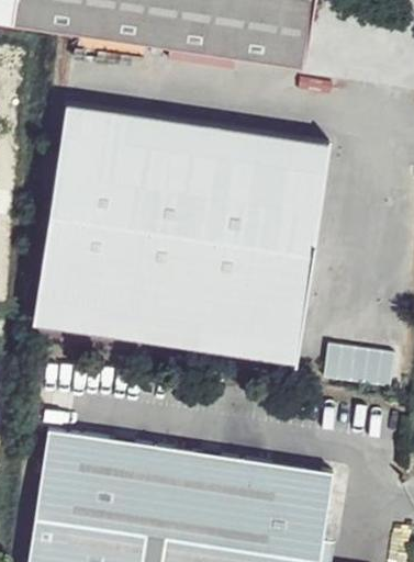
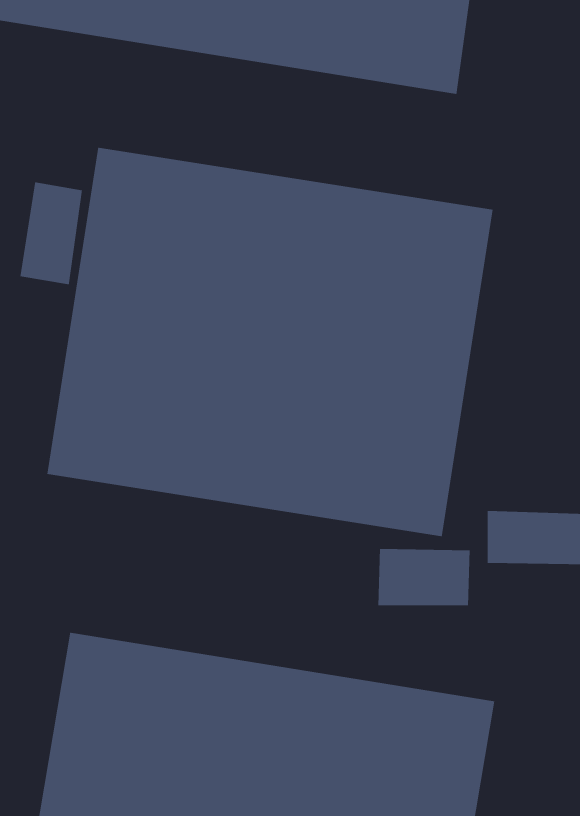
building: none -> [20,181,83,285]
building: none -> [378,548,470,606]

